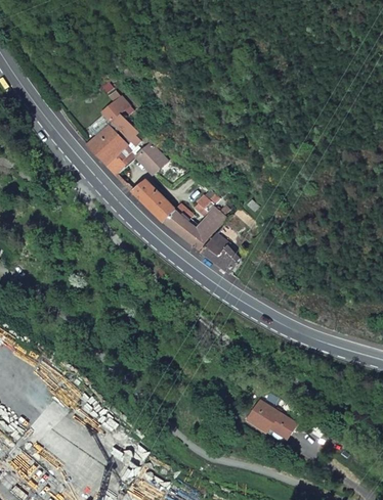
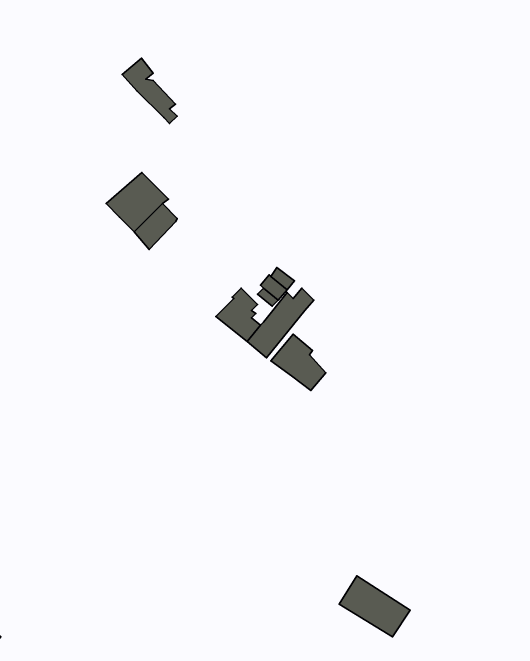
building: [101,100,139,145] -> [122,58,177,124]
building: [135,142,167,174] -> none
building: [131,178,175,222] -> none

